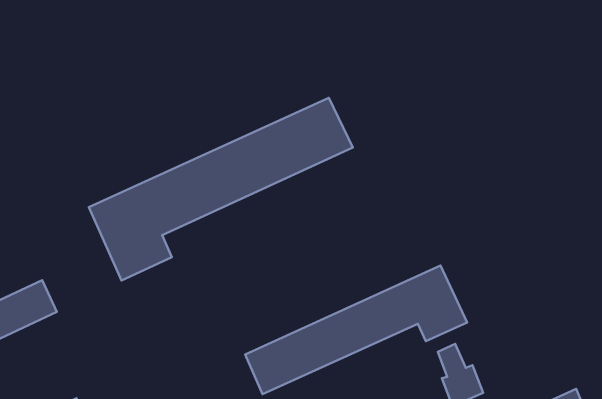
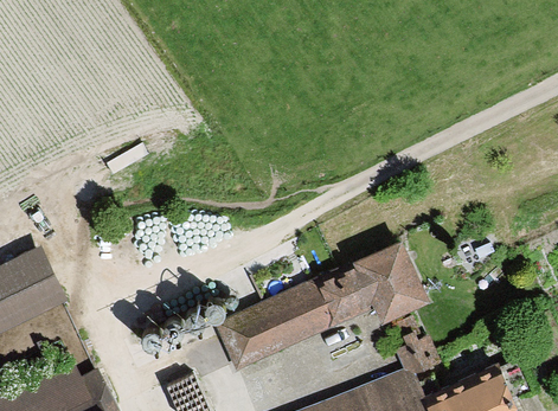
building: [89,98,353,280] -> none

